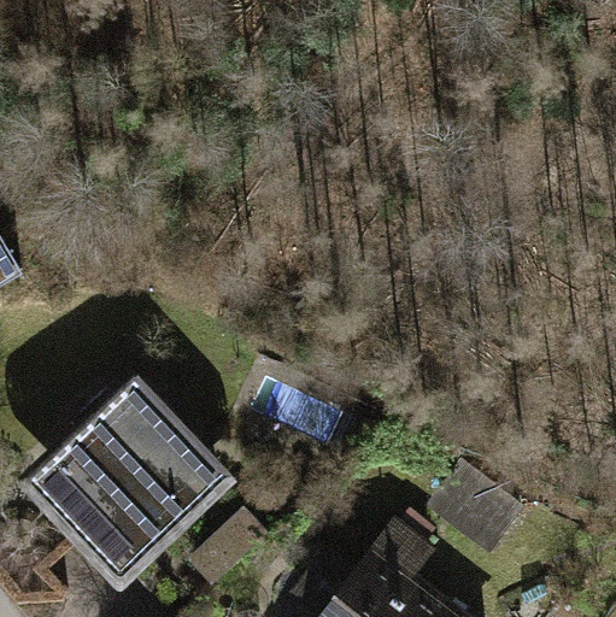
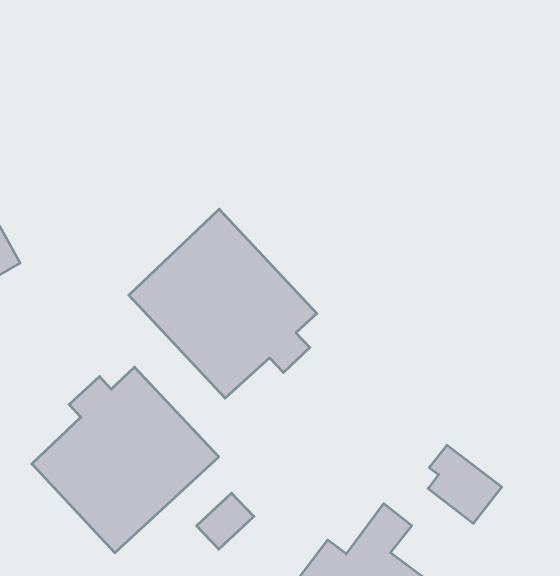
building: none -> [129,209,317,398]

